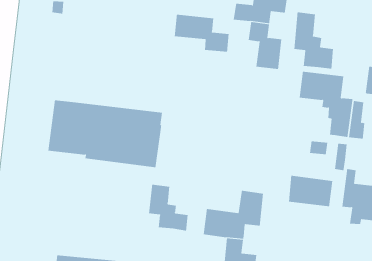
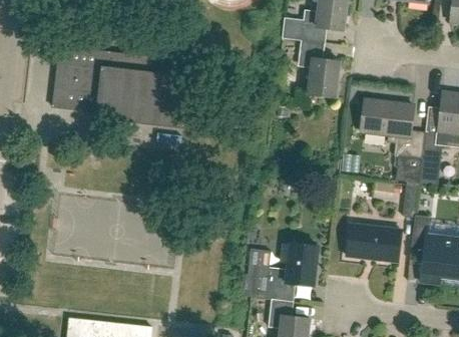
building: [294,12,334,70] -> none
building: [174,14,229,53] -> none
building: [48,100,163,168] -> [52,47,190,128]
building: [149,184,188,231] -> none

